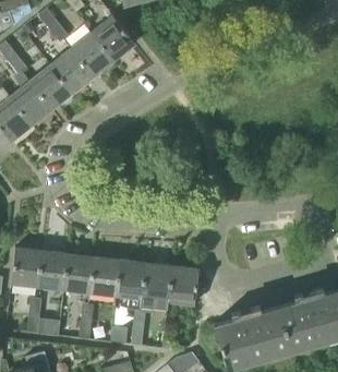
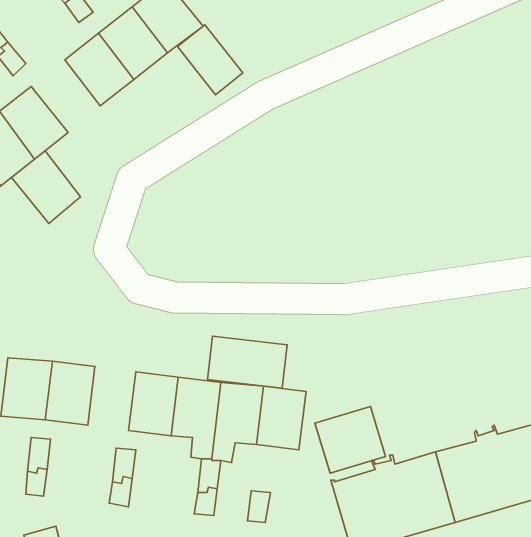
building: none -> [177,25,243,95]
building: [29,65,72,110] -> [11,151,81,224]
building: none -> [208,336,287,388]
building: [64,254,94,293] -> none
building: none -> [315,406,386,473]

